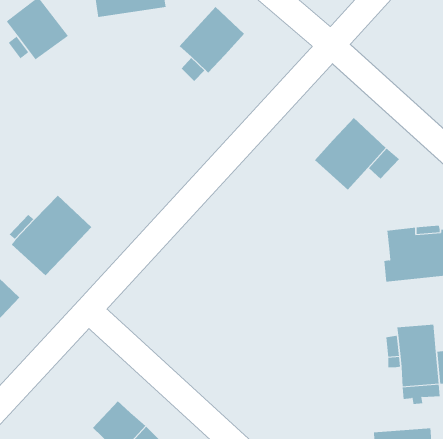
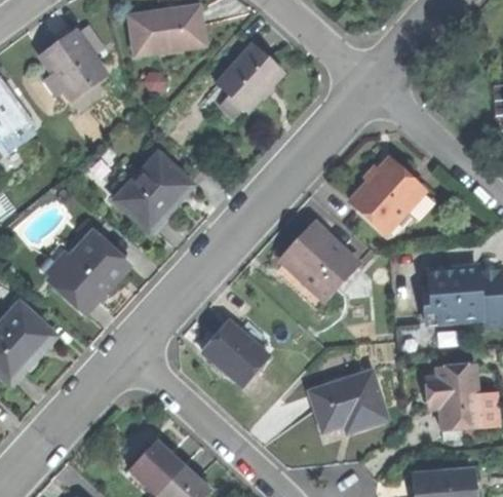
building: none -> [115,153,189,231]
building: none -> [283,224,357,298]
building: none -> [204,320,270,384]
building: none -> [309,368,387,429]

